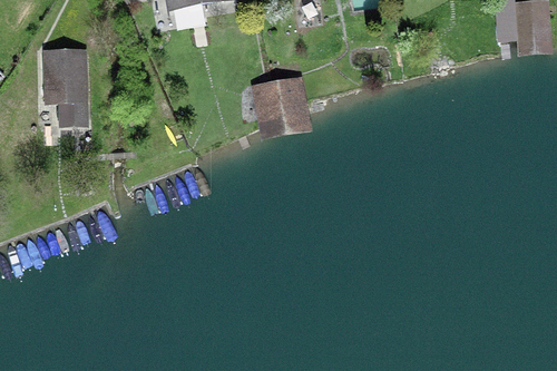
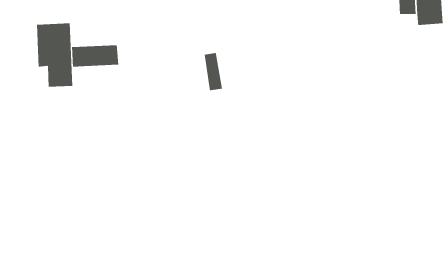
building: none -> [72,45,119,67]
building: [270,81,306,130] -> none

